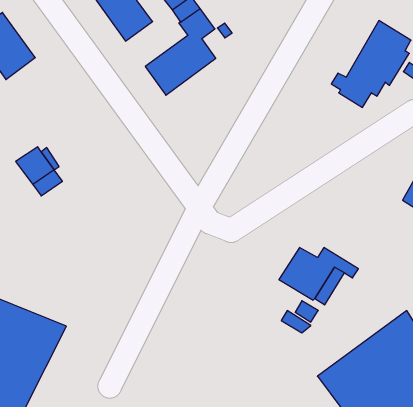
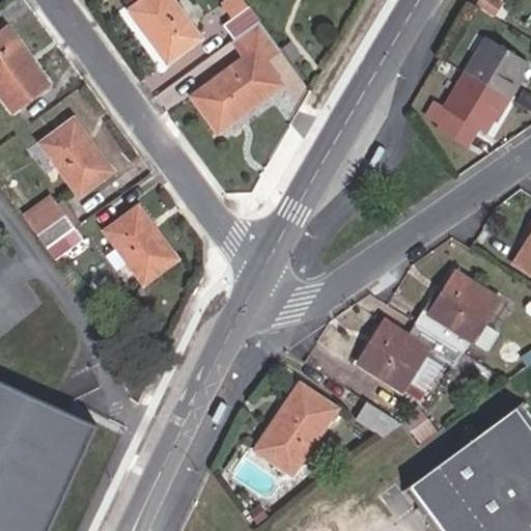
building: none -> [41,118,115,197]
building: none -> [106,205,180,284]
building: none -> [416,274,499,352]
building: none -> [254,384,337,476]

